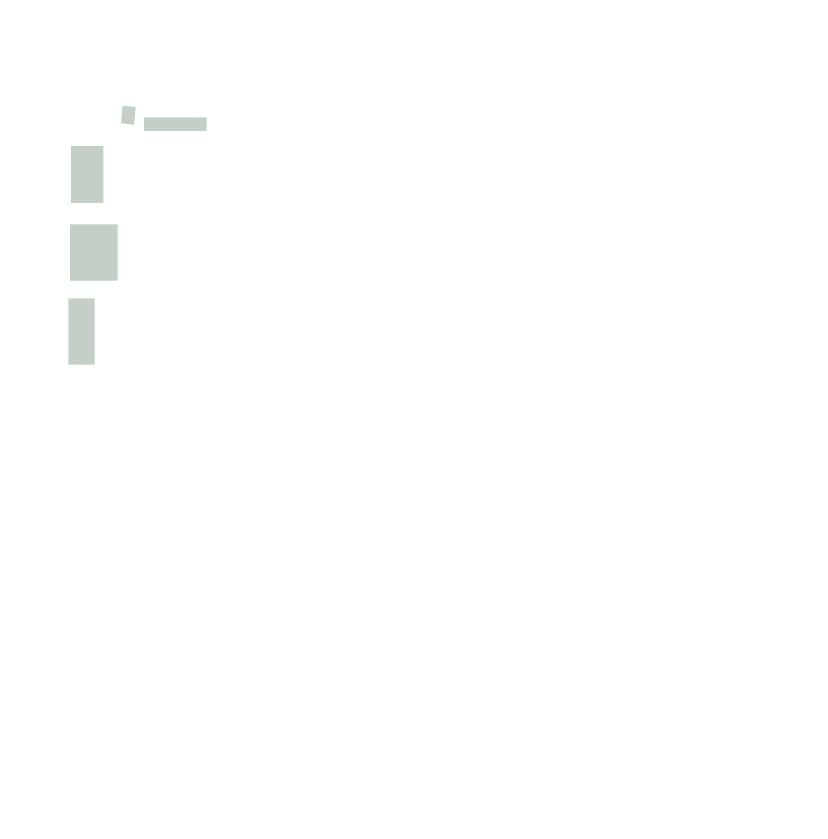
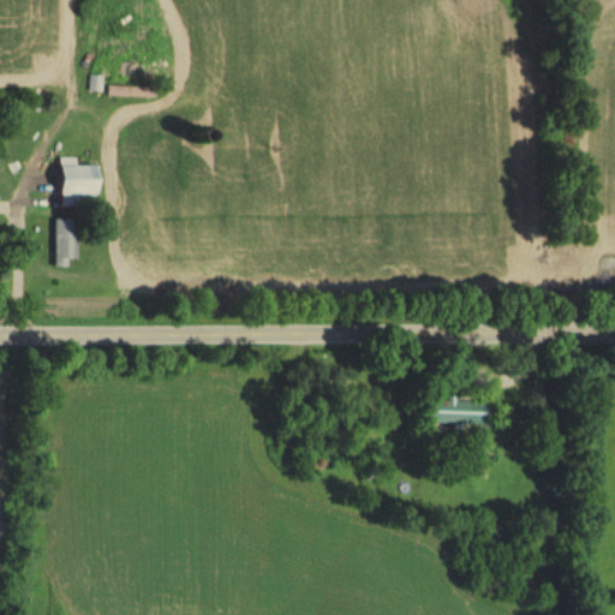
building: [71,145,104,204] -> none
building: none -> [428,399,489,423]

